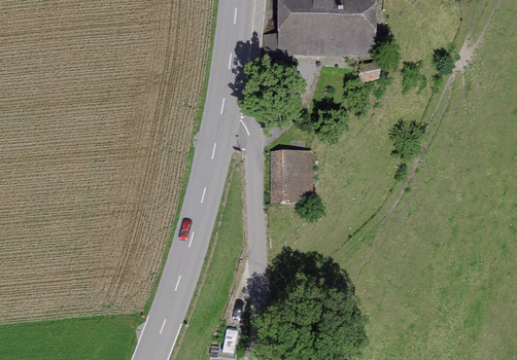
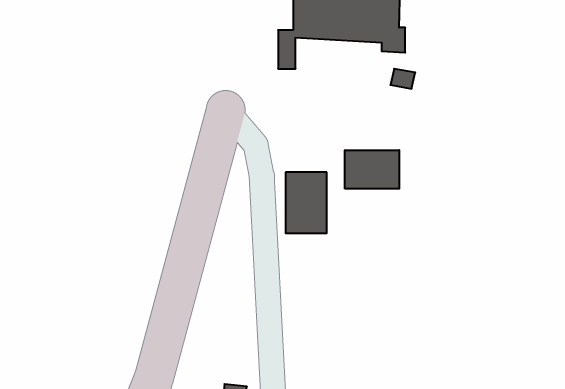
building: none -> [345,150,399,189]

